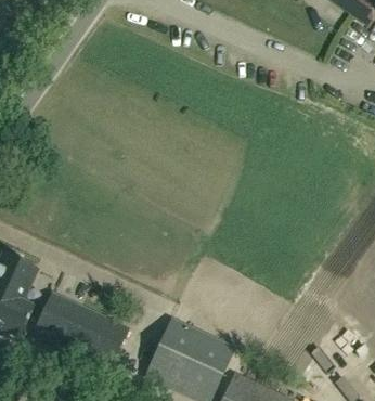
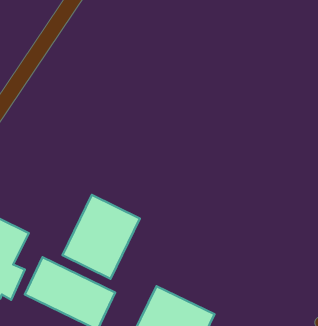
building: none -> [63,195,140,279]

